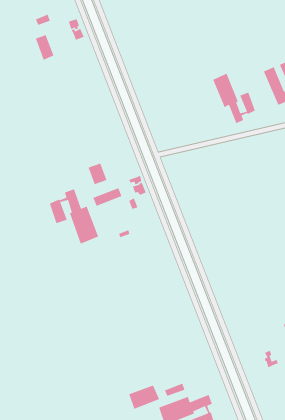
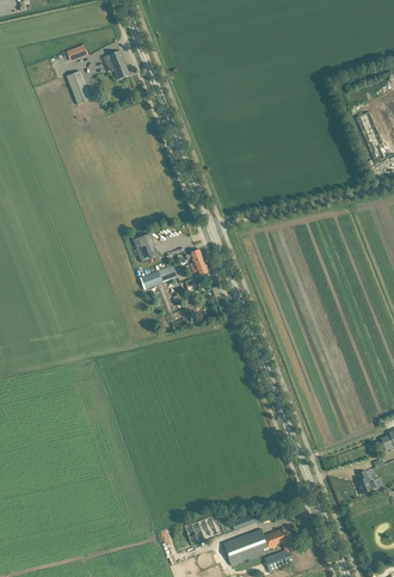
building: [212,73,256,124] -> none
building: [49,188,99,245] -> none

